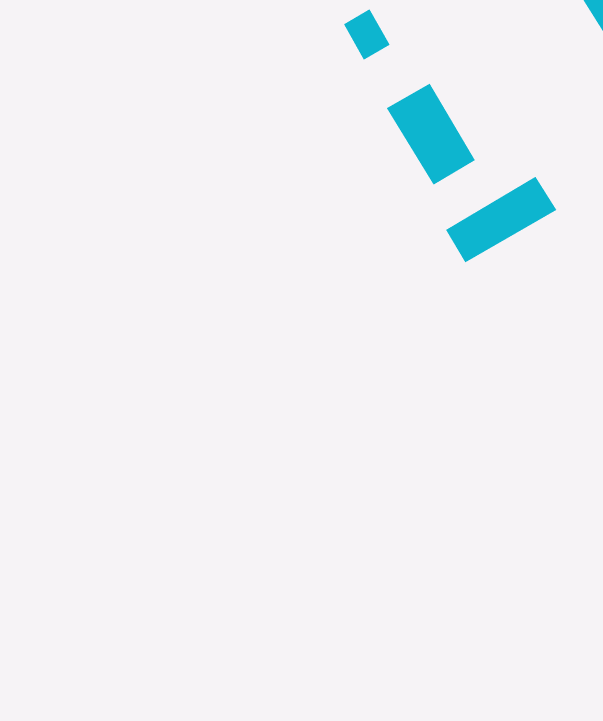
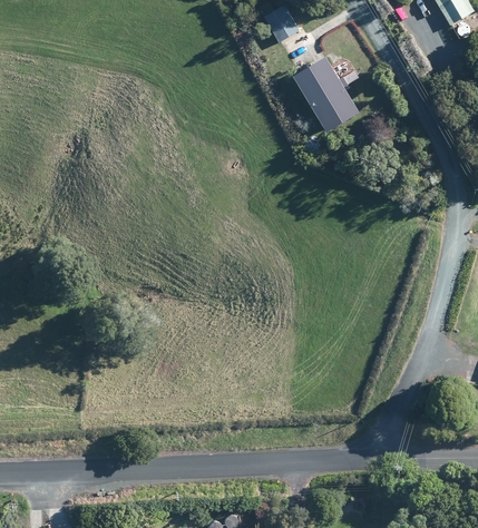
building: [445,176,557,263] -> none

